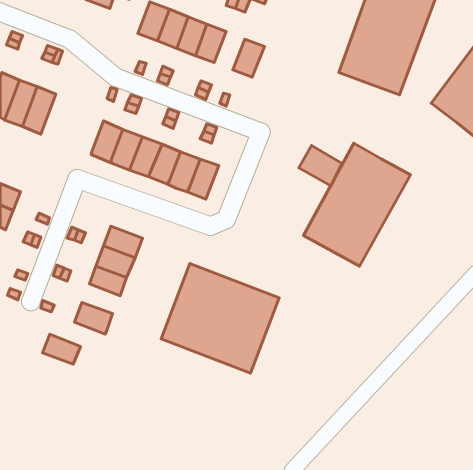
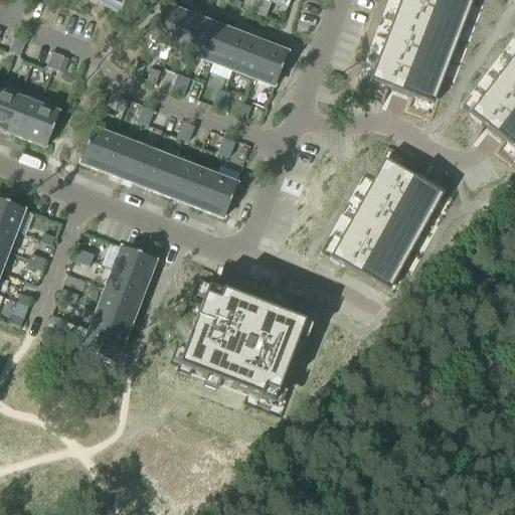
building: none -> [234,34,268,75]
building: none -> [81,124,115,167]
building: [299,146,342,186] -> none
building: [42,334,81,364] -> [92,307,133,339]

